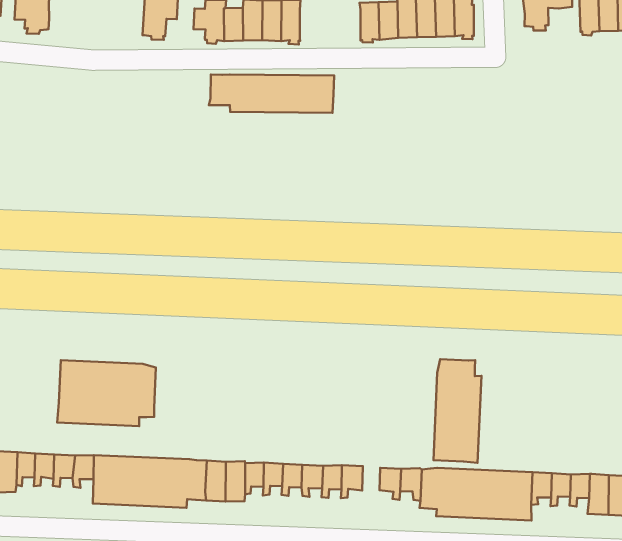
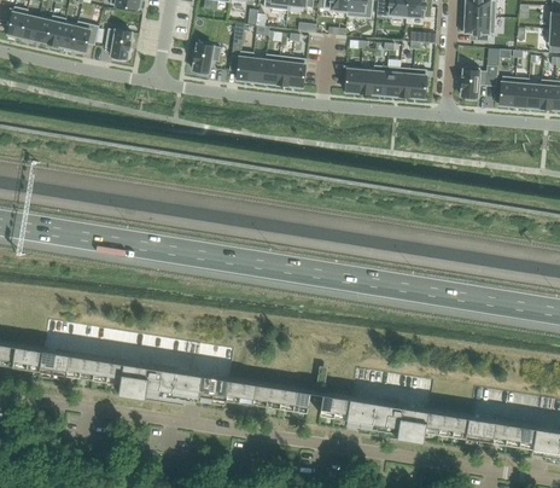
building: [209,74,334,113] -> none
building: [433,359,481,463] -> none
building: [57,360,156,426] -> none

